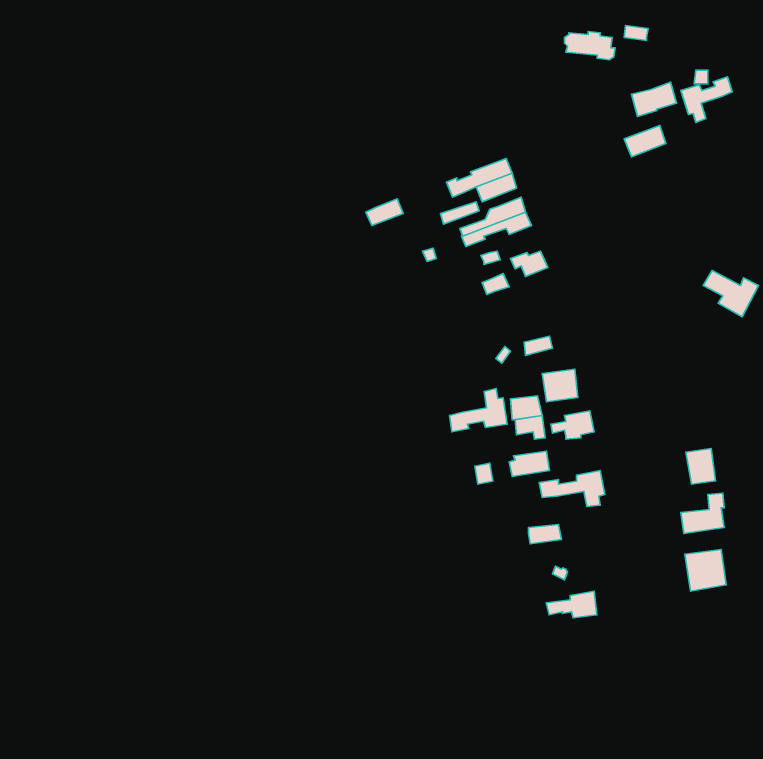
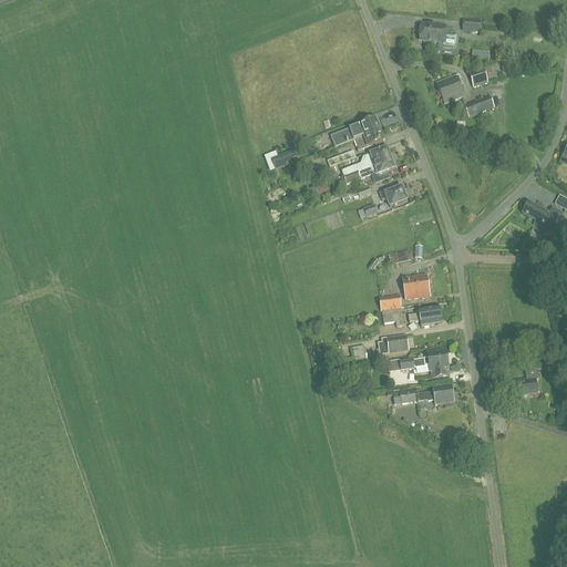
building: [681,77,732,123] -> none
building: none -> [436,72,463,102]
building: [449,389,507,432] -> none
building: [686,448,715,484] -> none
building: [685,550,726,591] -> none
building: [546,591,597,618] -> [415,383,453,403]

